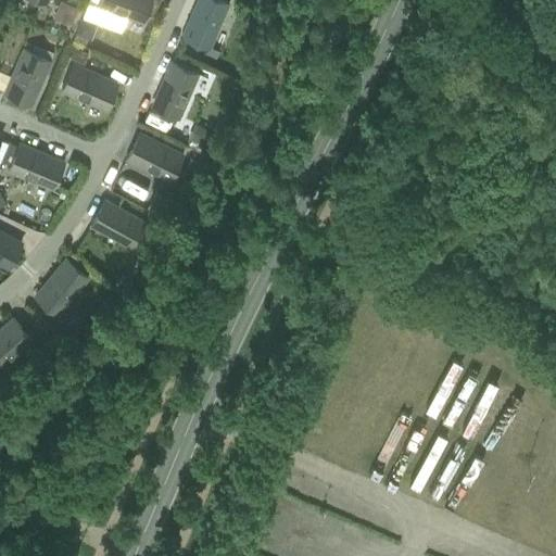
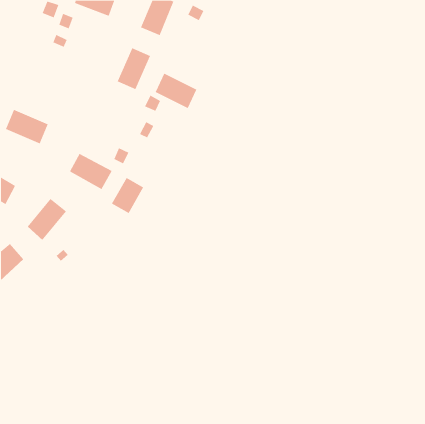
building: [5,50,50,106] -> none
building: [62,65,117,111] -> none
building: [127,135,182,181] -> [155,73,197,109]
building: none -> [111,177,144,214]

